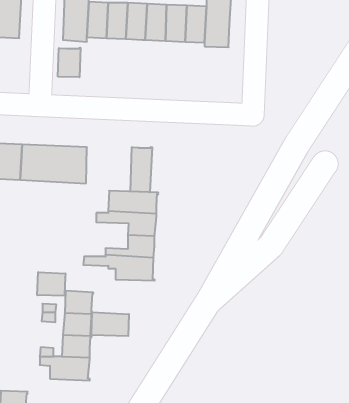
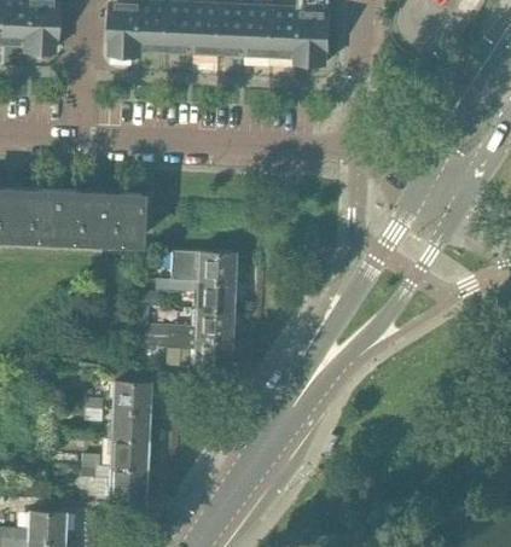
building: [58,48,80,77] -> none
building: [131,147,152,192] -> none
building: [37,272,65,296] -> none
building: [92,312,129,336] -> none

